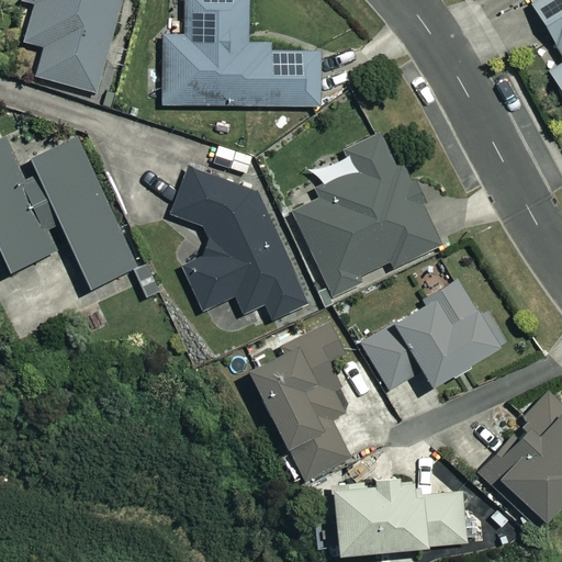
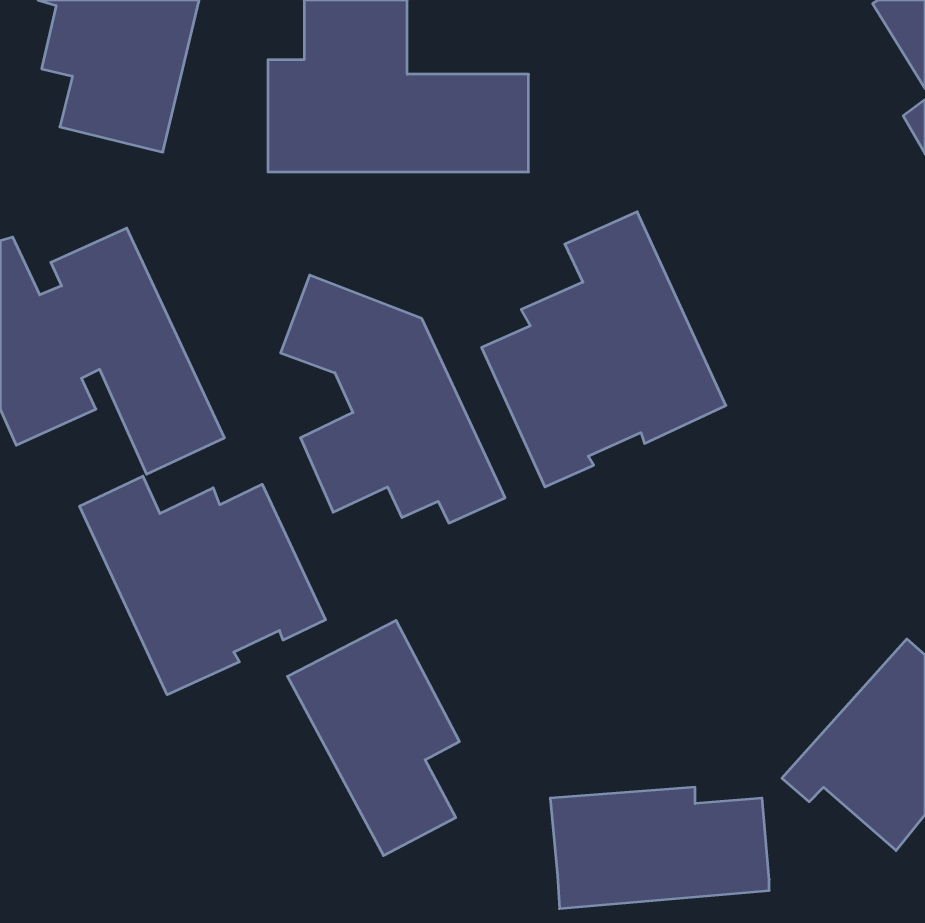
building: [362,282,497,390] -> none
building: none -> [80,476,326,695]
building: [247,336,351,479] -> [287,620,459,856]

